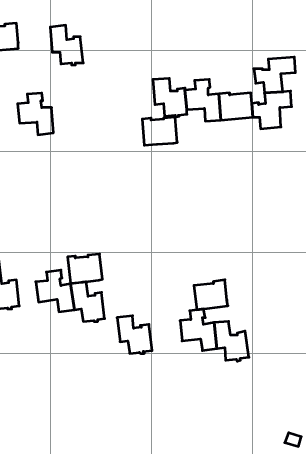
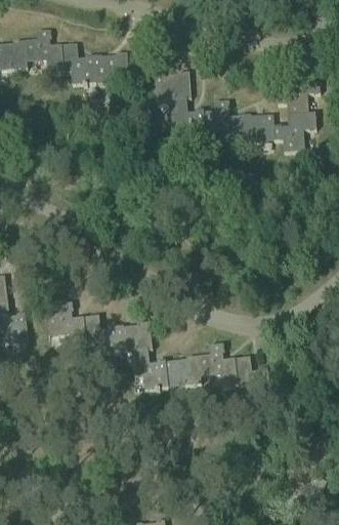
building: none -> [91,52,128,83]
building: [18,93,53,135] -> [24,30,61,74]
building: [142,117,177,145] -> [153,72,189,102]
building: [68,254,102,283] -> [114,323,151,354]
building: [194,280,228,310] -> [164,356,200,388]

